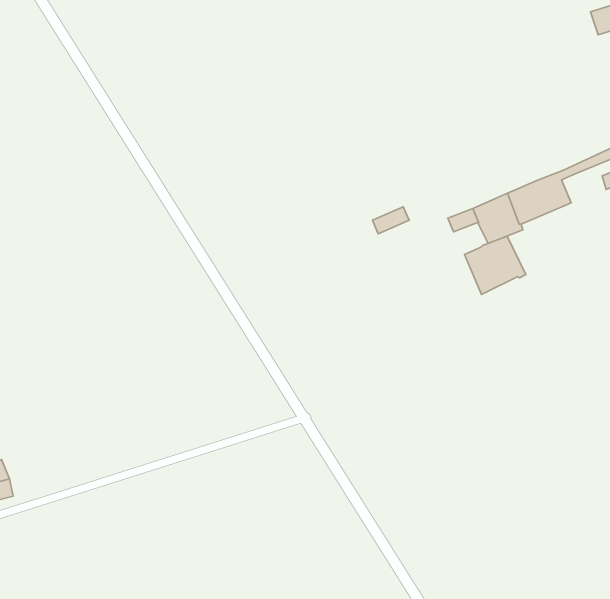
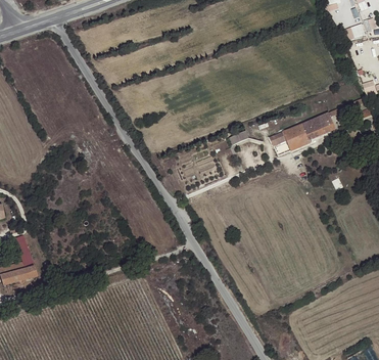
building: [464,236,526,295] -> none

